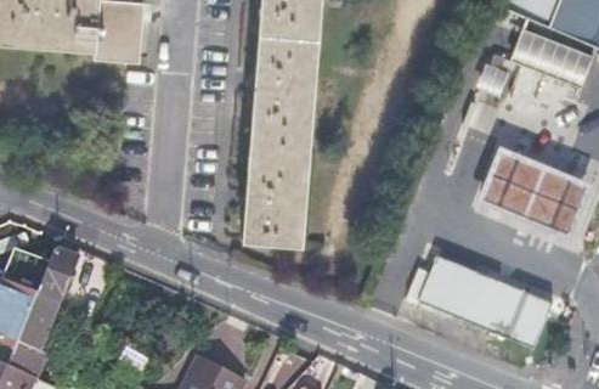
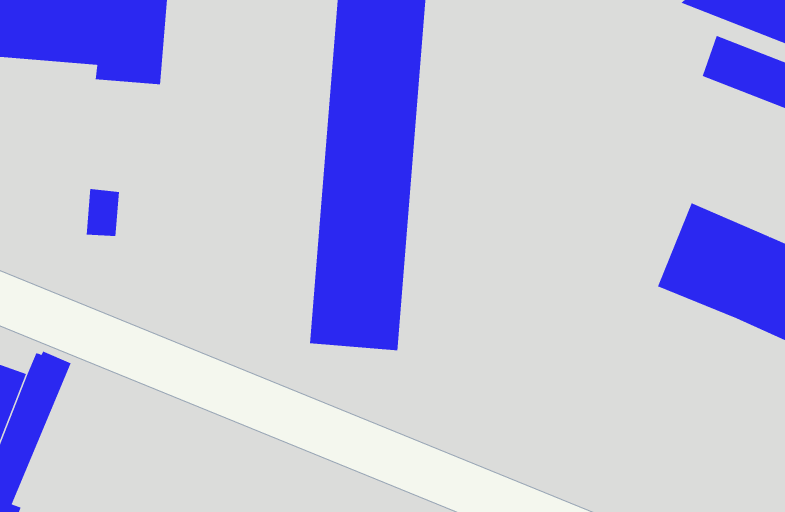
building: [422,254,555,350] -> none

